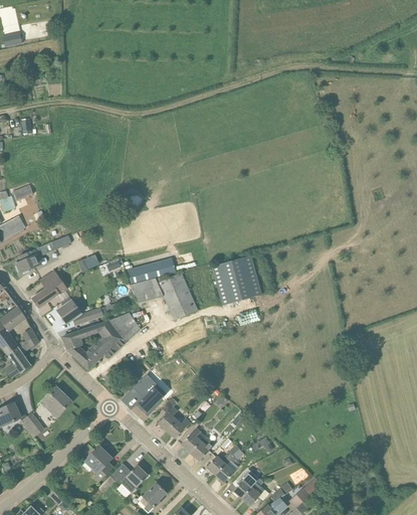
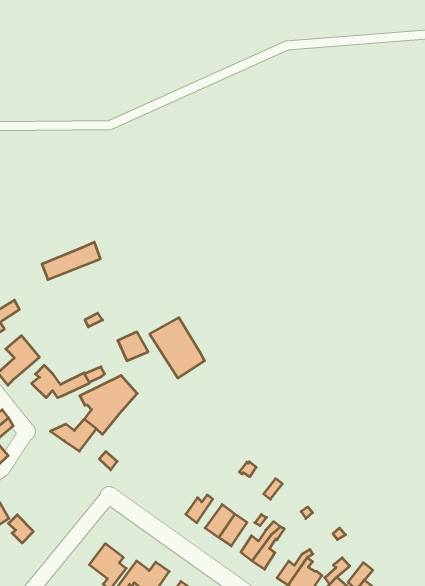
building: [211,256,261,306] -> none
building: [127,258,174,283] -> [42,242,100,280]
building: [60,325,96,350] -> none
building: [134,378,166,412] -> none
building: [41,387,70,417] -> none
building: [157,398,178,431] -> none

